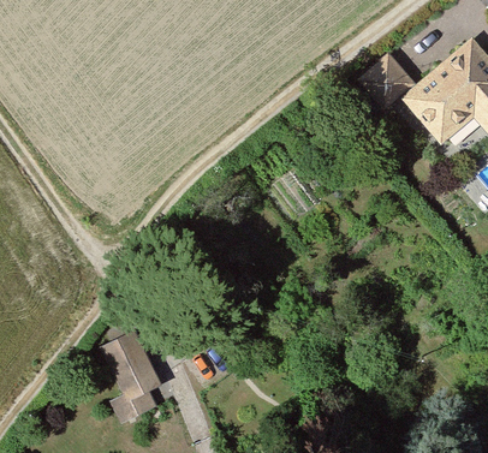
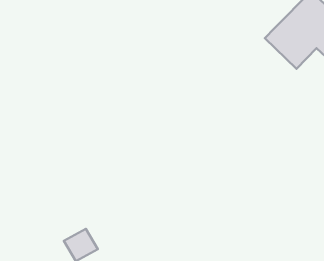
building: [358,55,416,111] -> none

